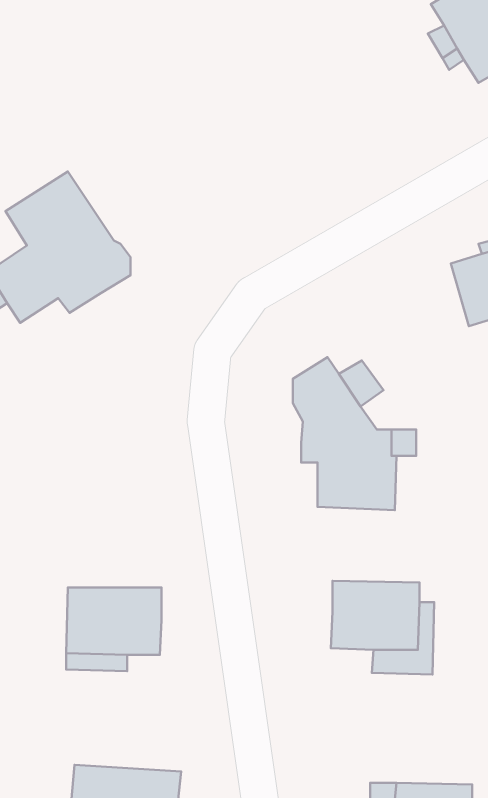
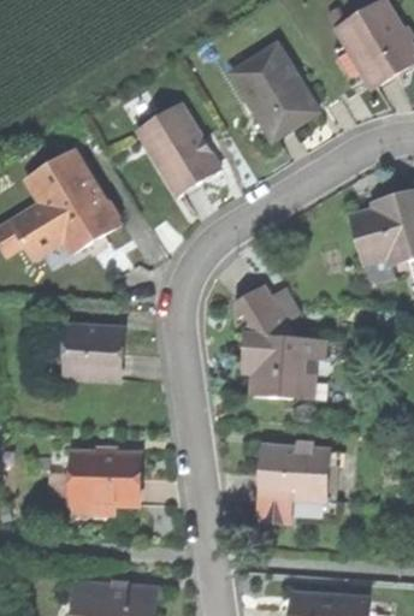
building: none -> [226,42,315,140]
building: none -> [136,105,219,196]
building: none -> [66,326,122,380]

